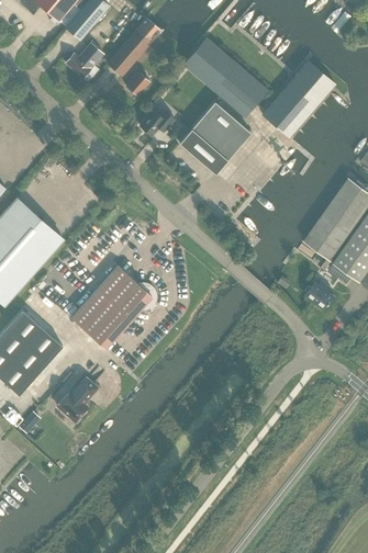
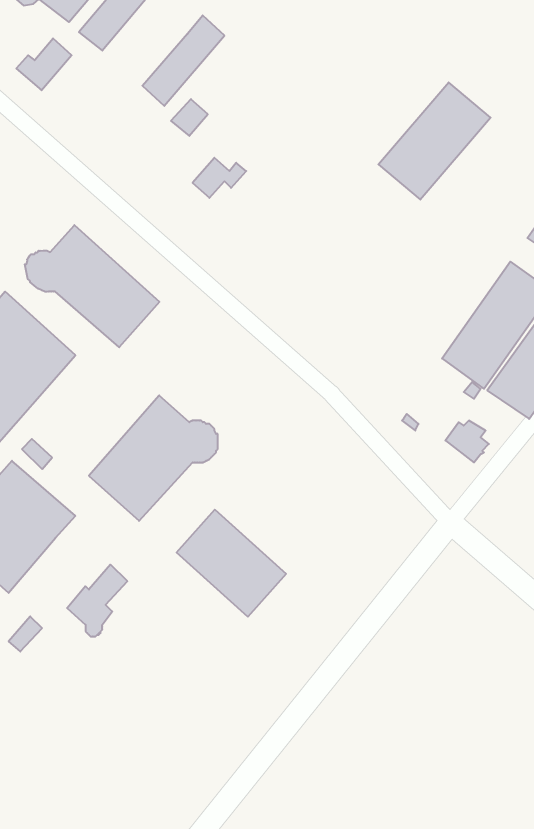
building: [183,37,267,116] -> none
building: [66,43,102,77] -> [16,38,72,90]
building: [178,102,250,174] -> none
building: none -> [25,225,159,347]
building: none -> [177,510,286,617]

